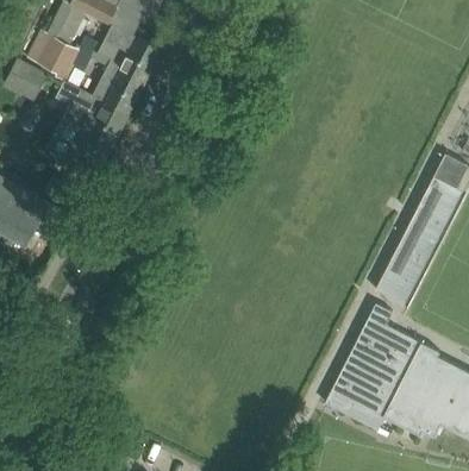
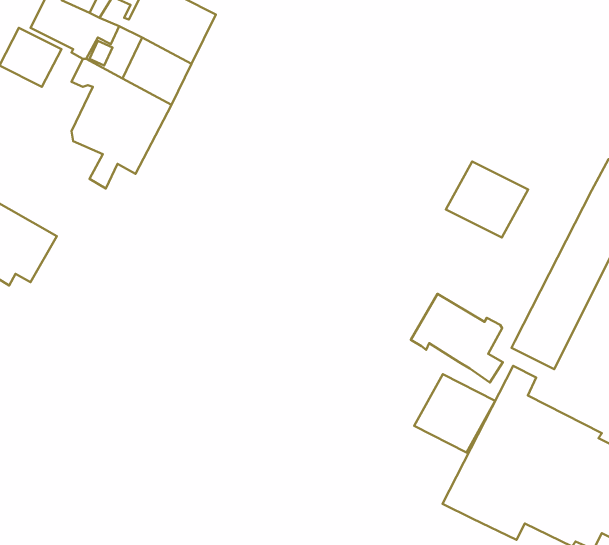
building: none -> [446,162,528,238]
building: none -> [411,294,503,382]
building: none -> [414,374,495,453]

